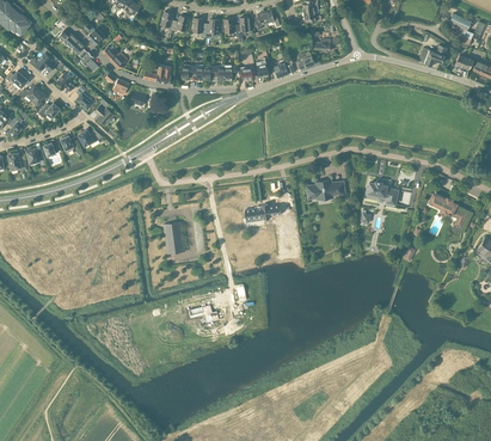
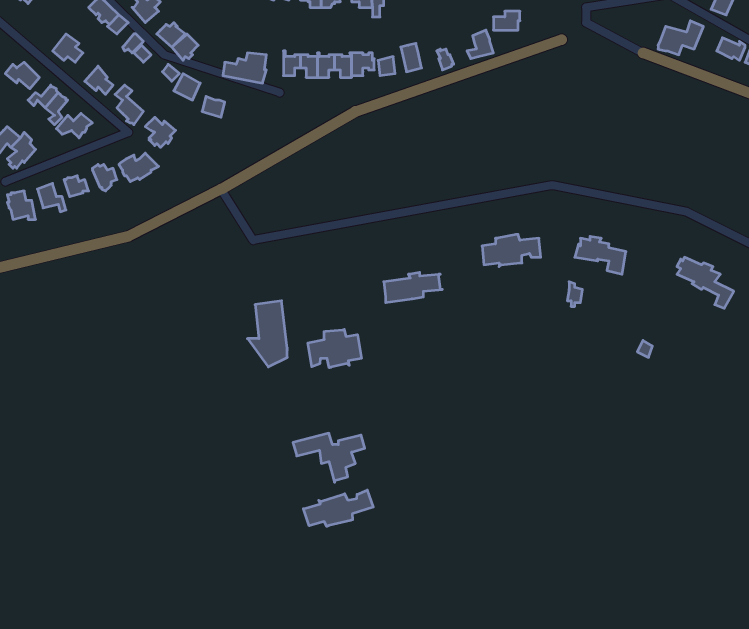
building: none -> [308,329,361,368]
building: none -> [303,490,373,526]

